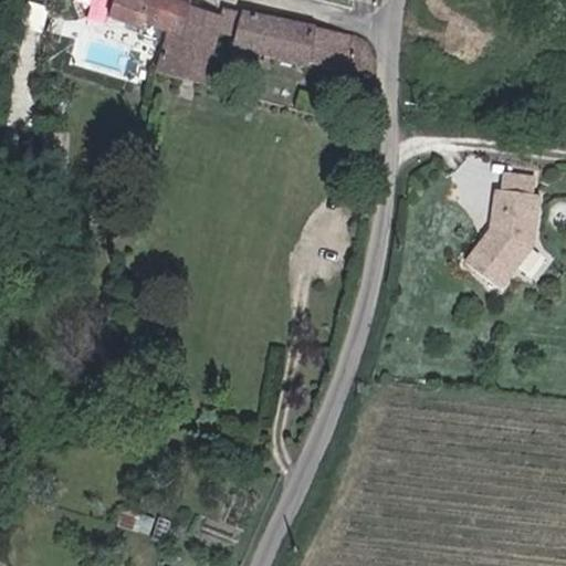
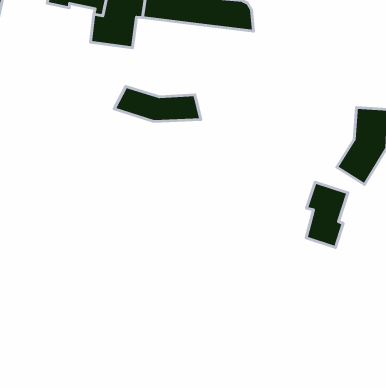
building: none -> [114,87,201,121]
building: none -> [306,182,348,247]

